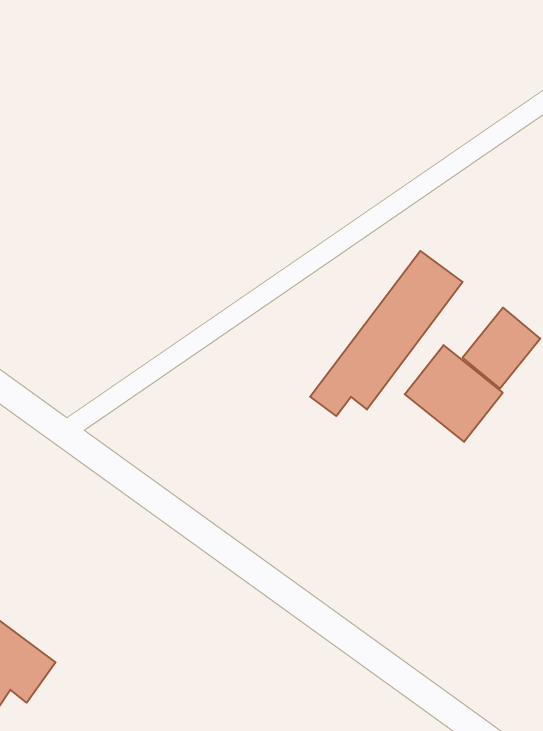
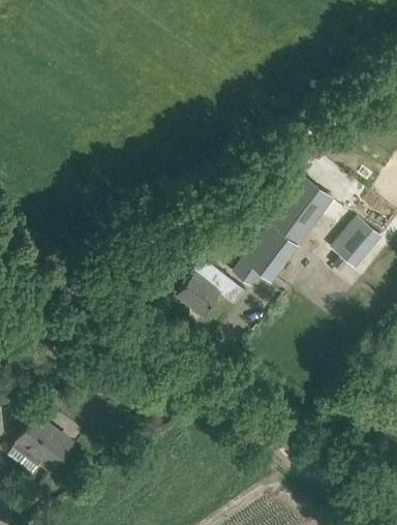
building: [405,345,503,442] -> none
building: none -> [177,270,232,314]

